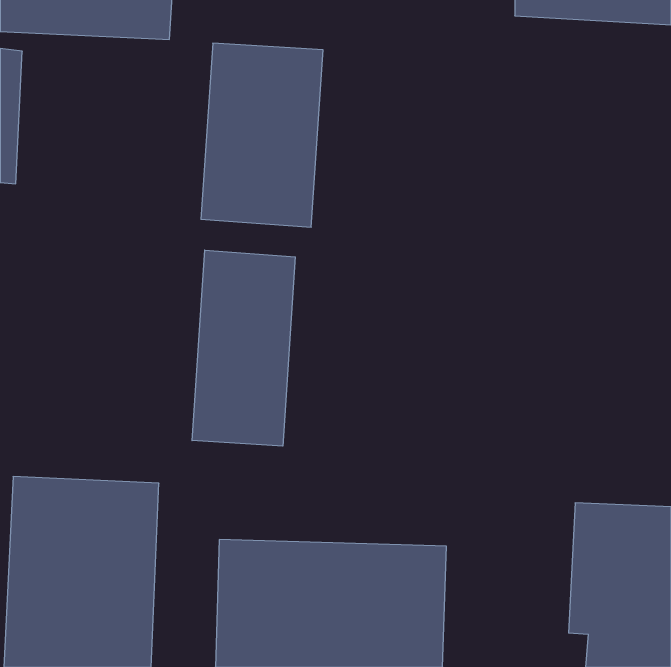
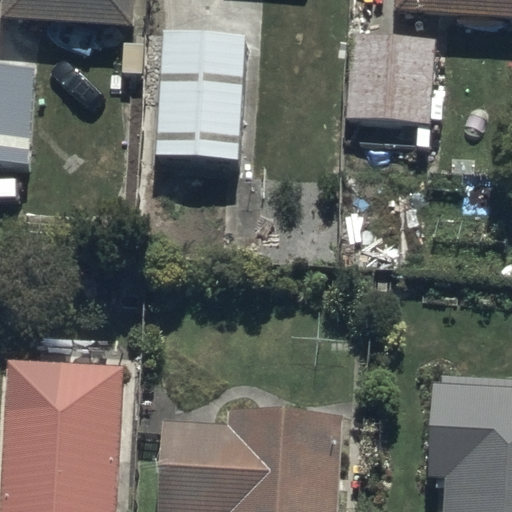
building: none -> [348,41,435,127]
building: [192,250,295,446] -> none

